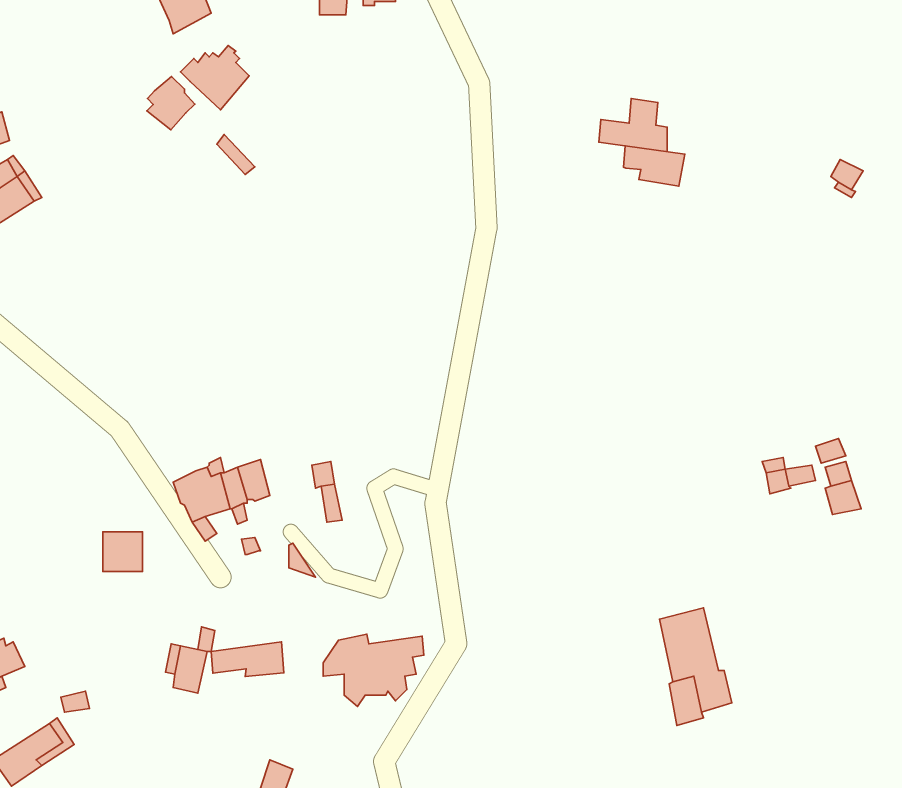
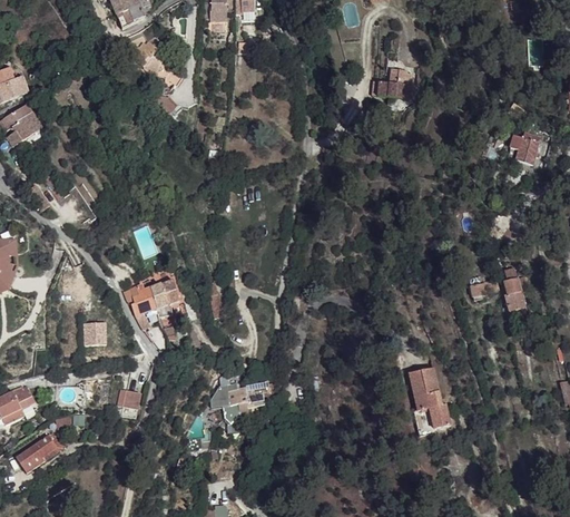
building: [147,77,195,130] -> none
building: [623,146,685,186] -> none
building: none -> [509,135,538,164]
building: [211,642,284,677] -> none

